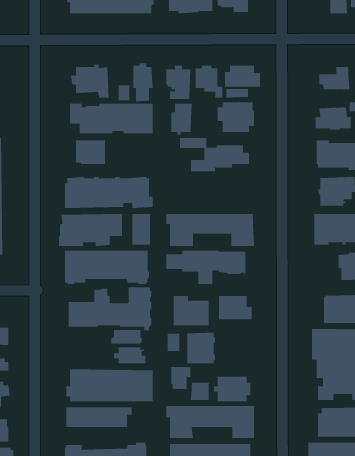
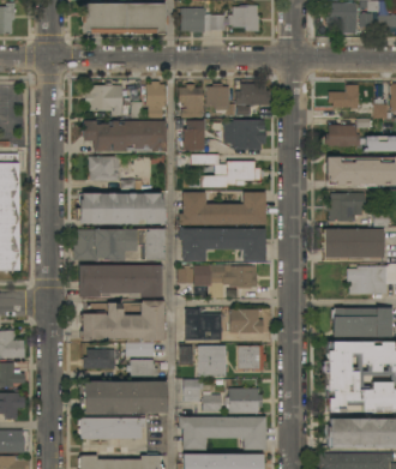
building: none -> [179,192,265,224]
building: none -> [238,345,266,368]
building: none -> [83,349,115,368]

